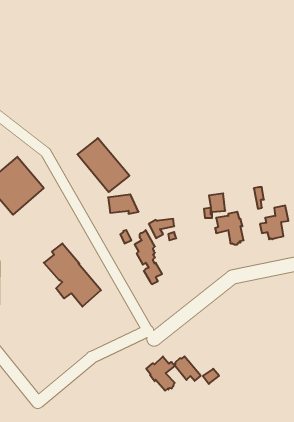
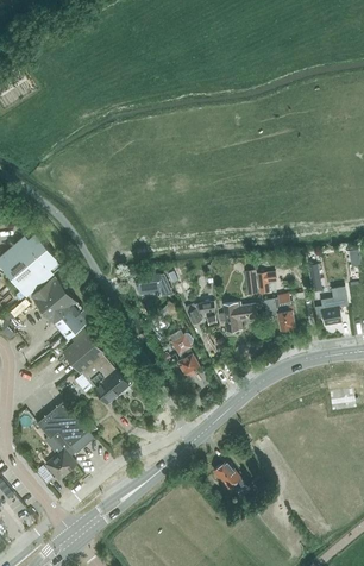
building: [77,138,129,192] -> [30,276,90,339]
building: none -> [218,302,256,333]
building: none -> [36,402,94,480]
building: [146,356,175,391] -> none

